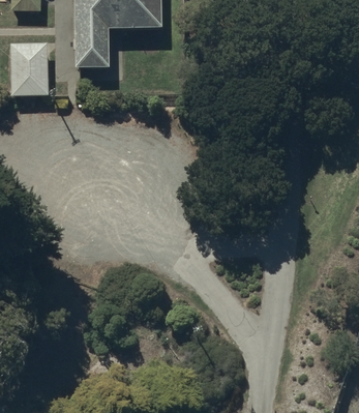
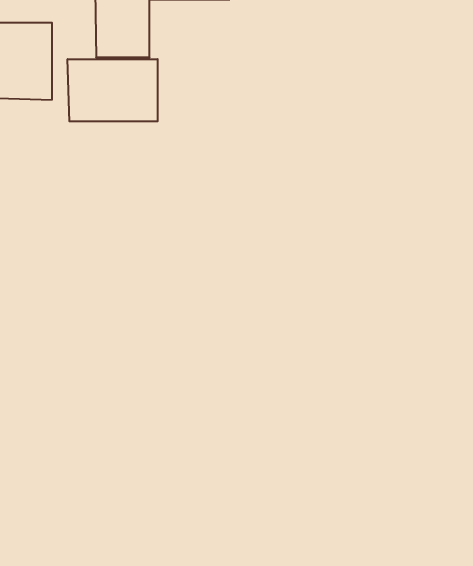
building: none -> [68,59,158,121]

